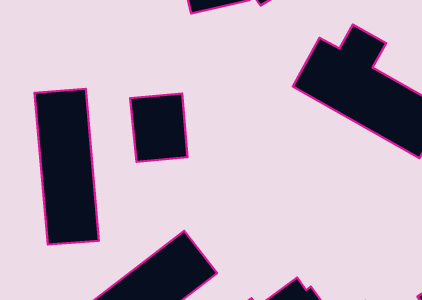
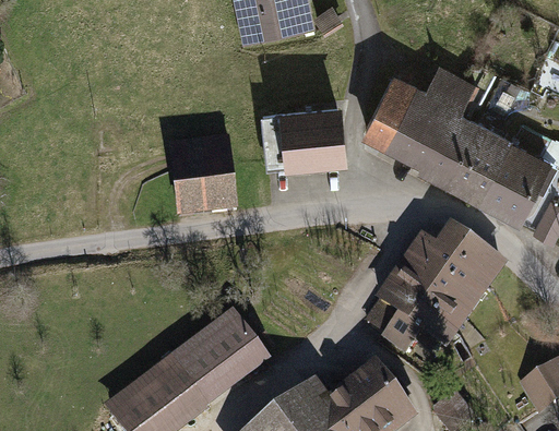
building: none -> [276,99,347,163]
building: [35,89,99,245] -> none
building: none -> [367,225,504,356]

